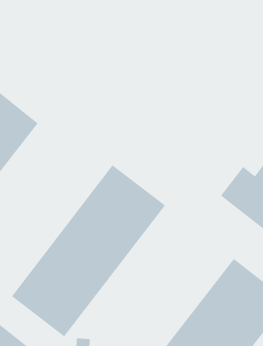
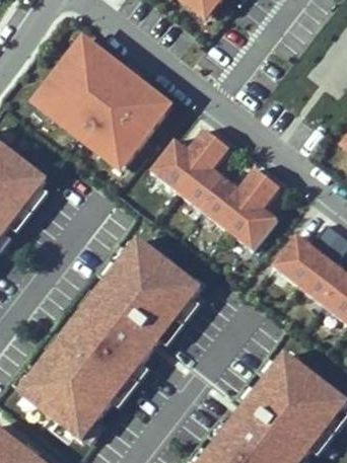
building: none -> [30,42,170,177]
building: none -> [147,128,280,252]

